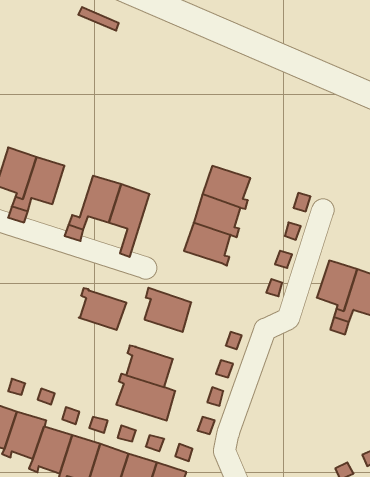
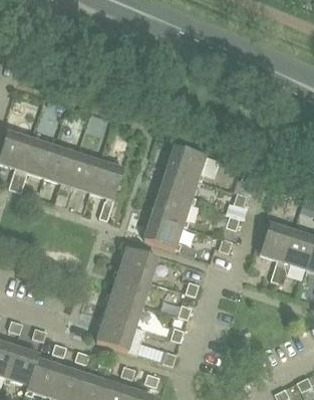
building: none -> [44,145,77,187]
building: none -> [144,214,183,249]
building: [79,288,127,330] -> [111,268,150,303]

